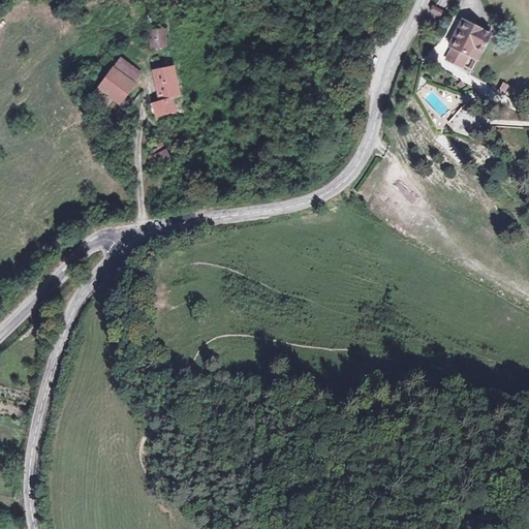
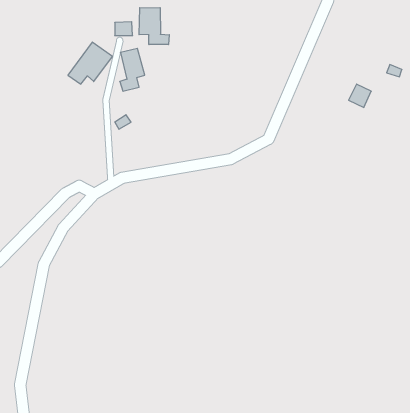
building: none -> [139,8,169,45]
building: [437,17,489,71] -> none

